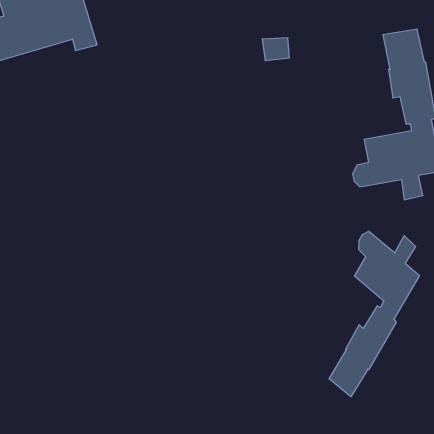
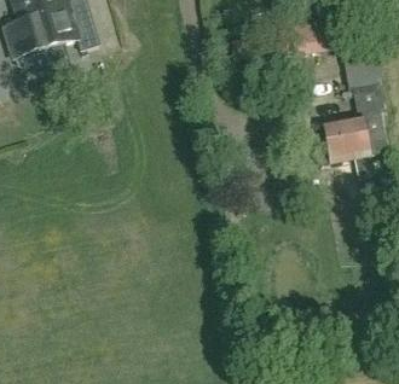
building: [329,231,420,397] -> none

